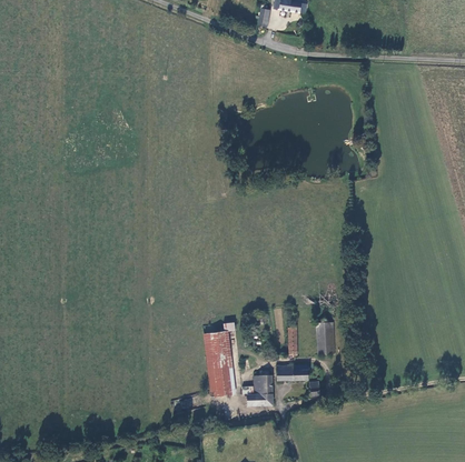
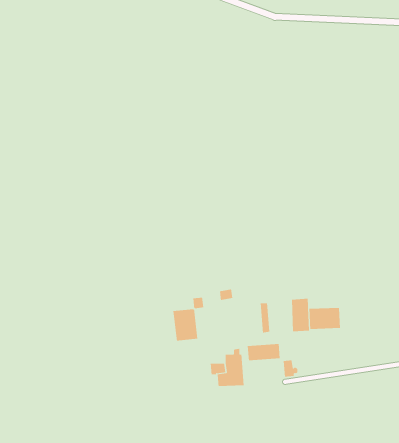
building: none -> [309,307,340,330]
building: [208,360,232,396] -> none

